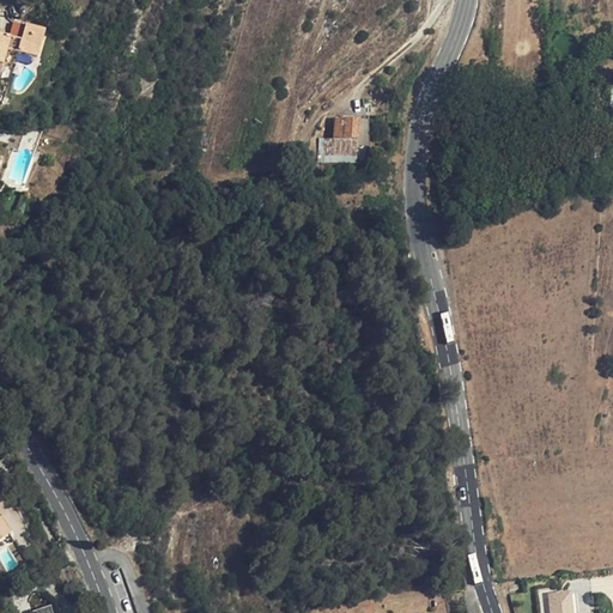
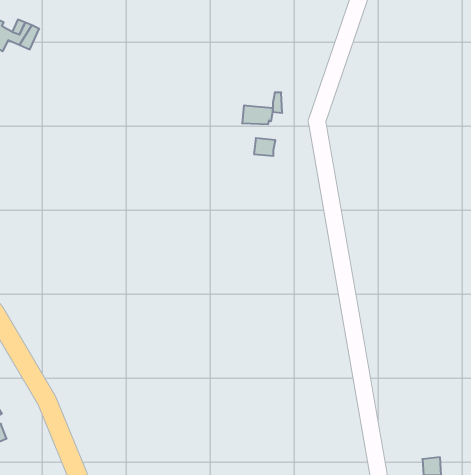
building: [324,116,352,139] -> [254,138,275,156]

